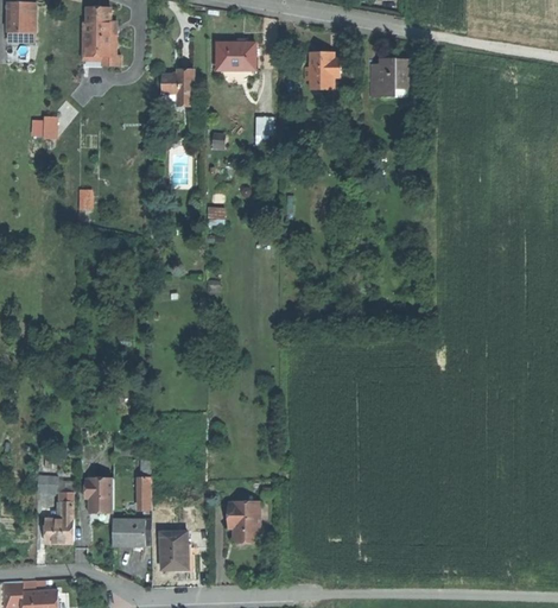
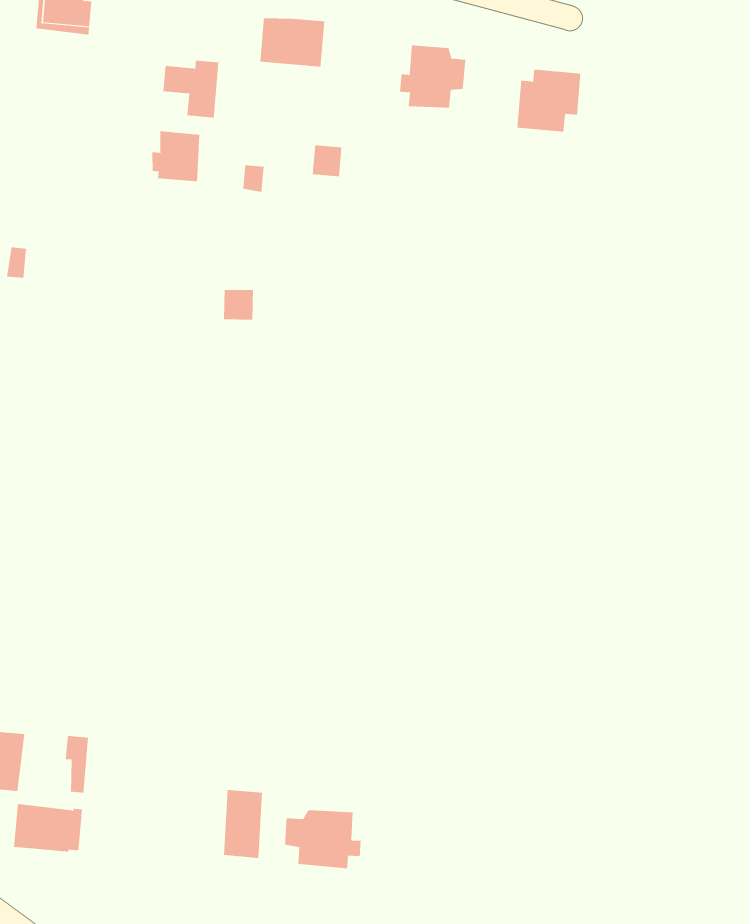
building: none -> [152,131,200,182]
building: none -> [285,809,361,869]
building: [159,532,191,568] -> none

